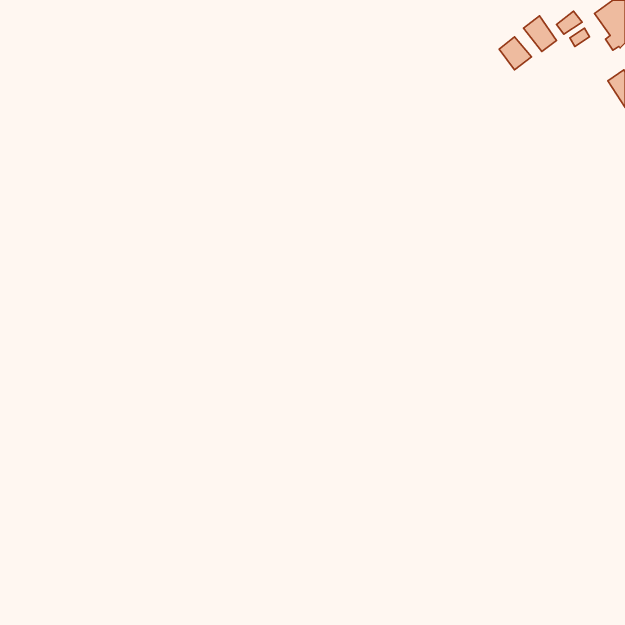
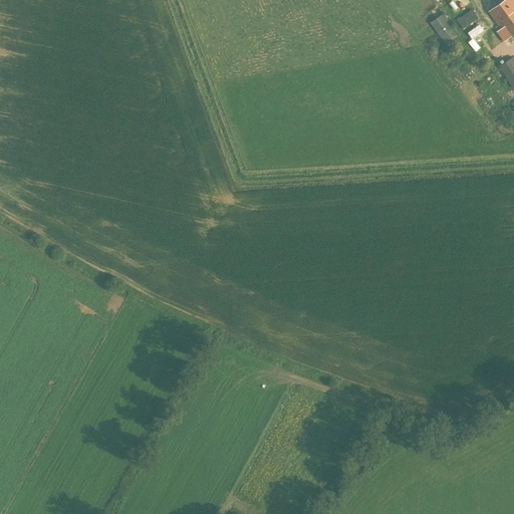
building: [499,37,532,70] -> none

